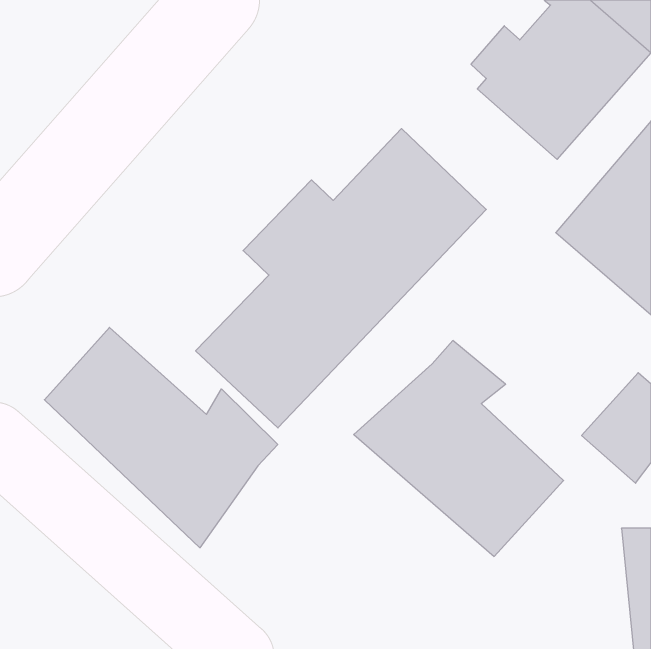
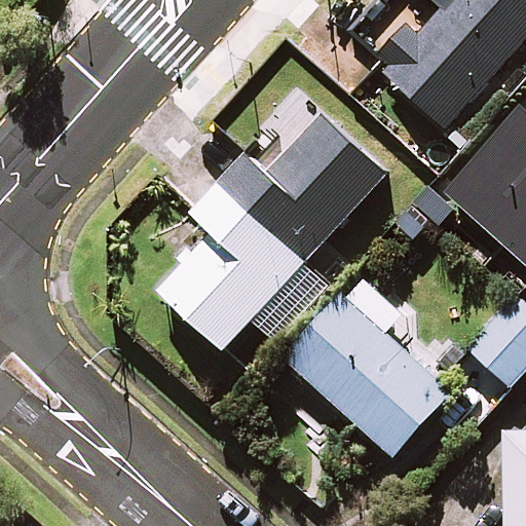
building: [44,327,278,548] -> none

